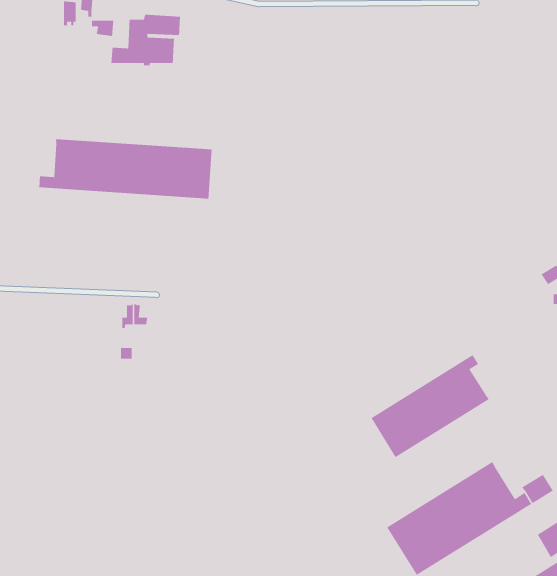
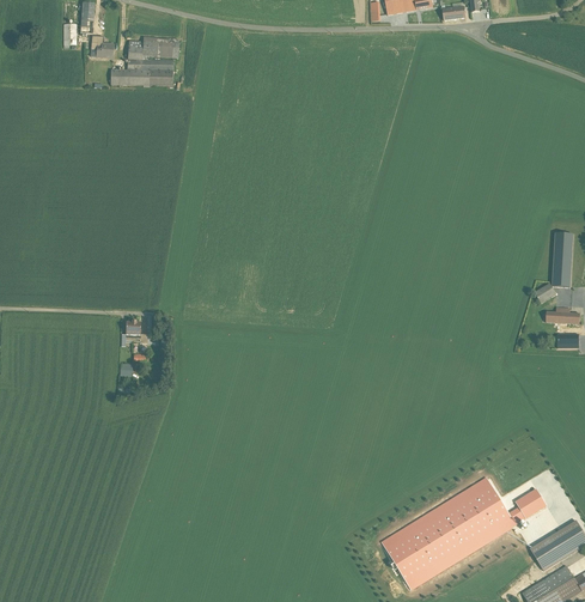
building: [39,138,213,199] -> none
building: [371,354,490,458] -> none

